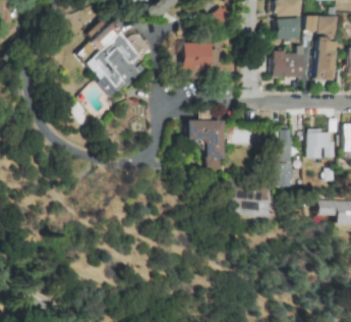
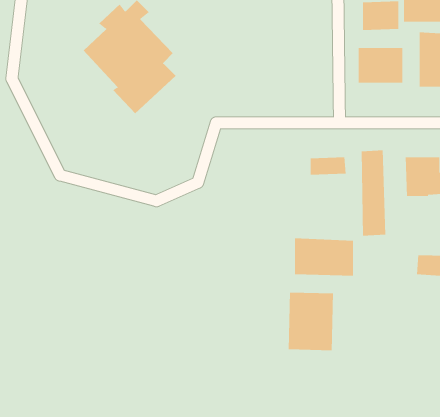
building: [181,42,220,73] -> none
building: [183,119,222,167] -> none
building: none -> [288,292,333,351]

